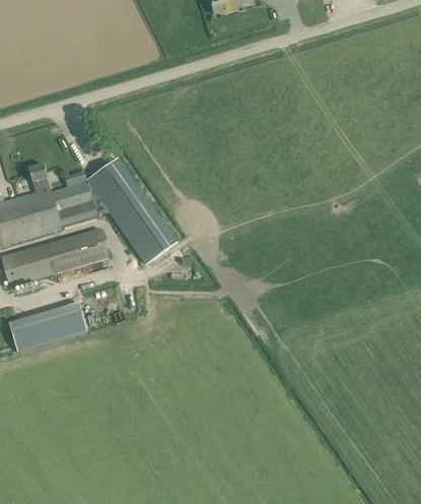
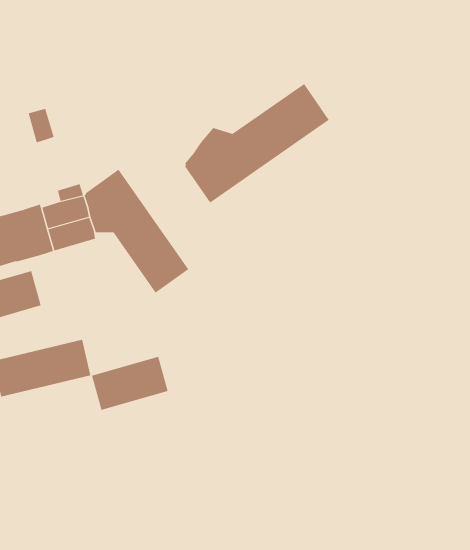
building: none -> [184,83,329,204]
building: [27,164,50,193] -> [28,108,54,143]
building: [43,228,108,273] -> [91,356,169,411]

